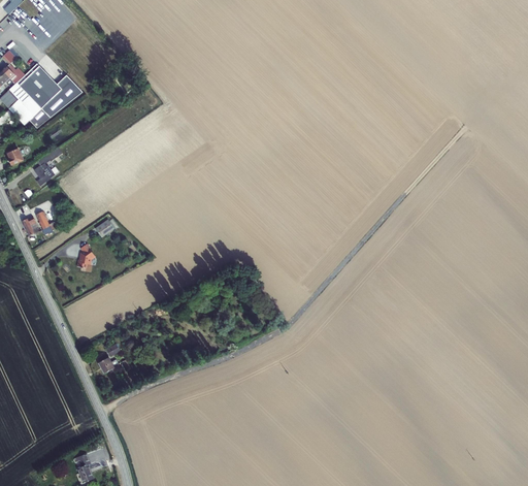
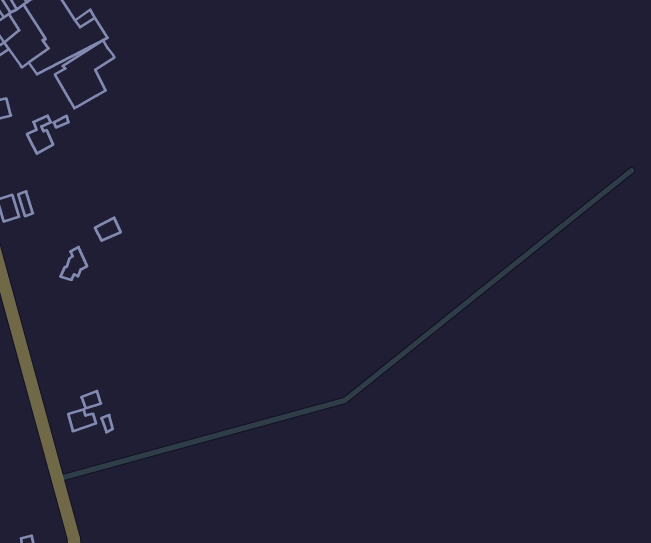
building: none -> [55,40,114,108]

